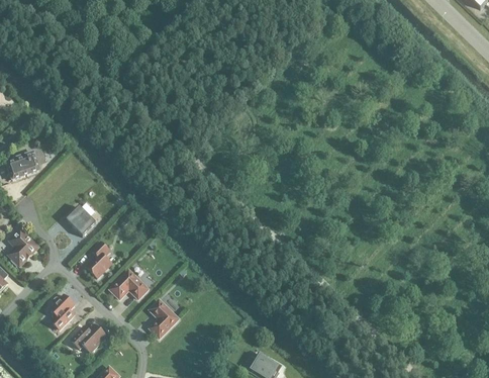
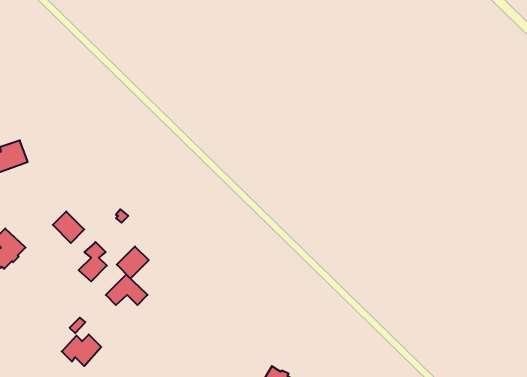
building: none -> [117,246,149,278]
building: [48,293,74,328] -> none
building: [149,299,177,337] -> none

